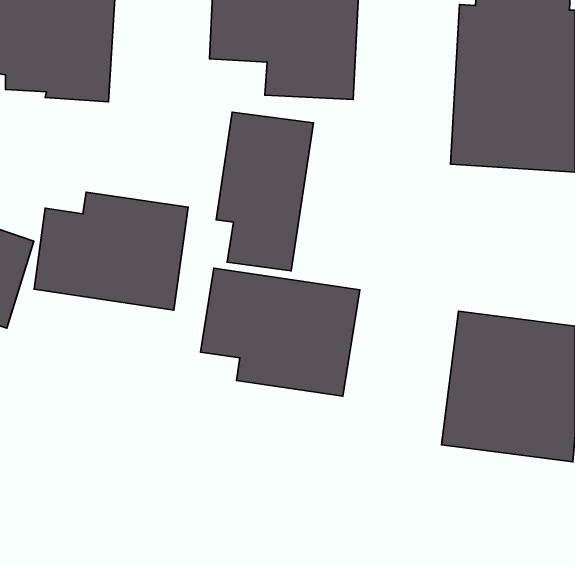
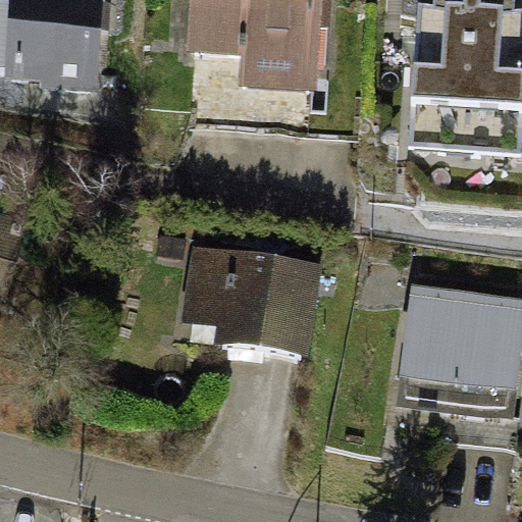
building: [216,112,313,271] -> none
building: [34,192,188,310] -> none

